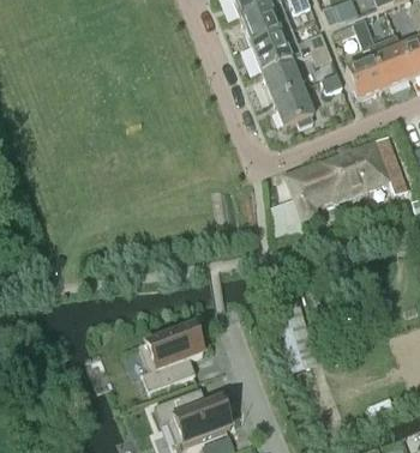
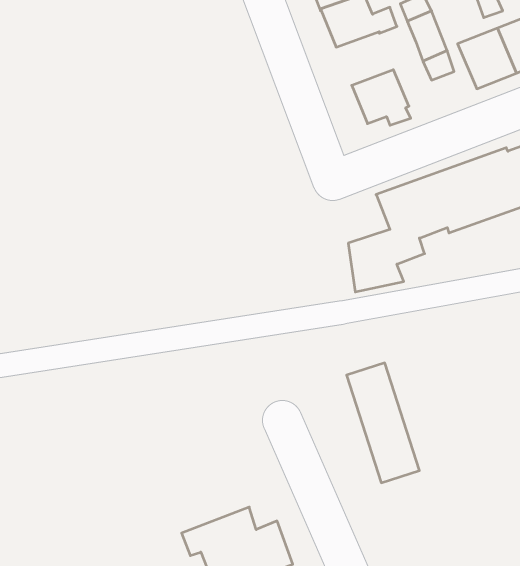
building: [262,58,301,95] -> none
building: [140,322,206,389] -> none

